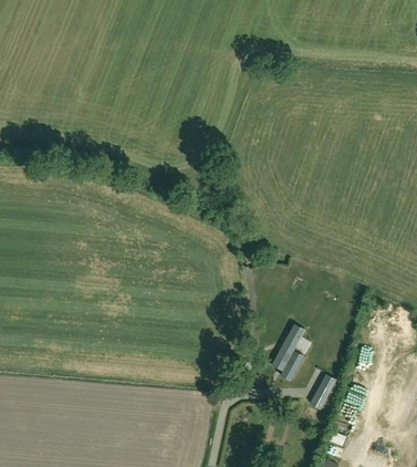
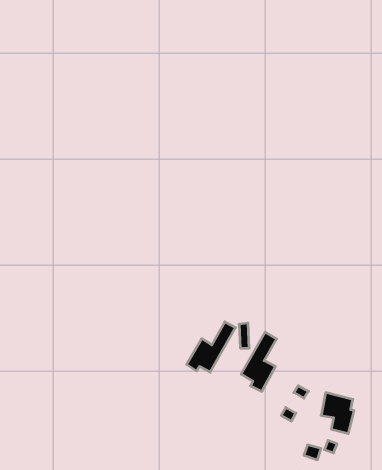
building: none -> [187,322,236,372]

